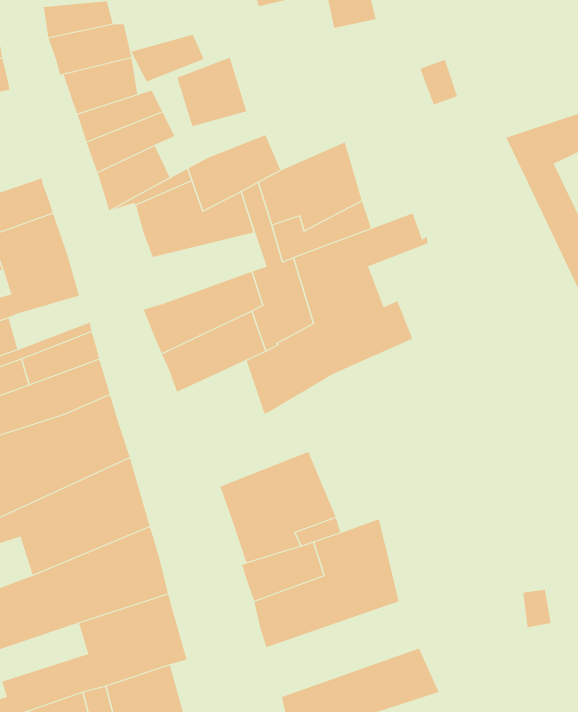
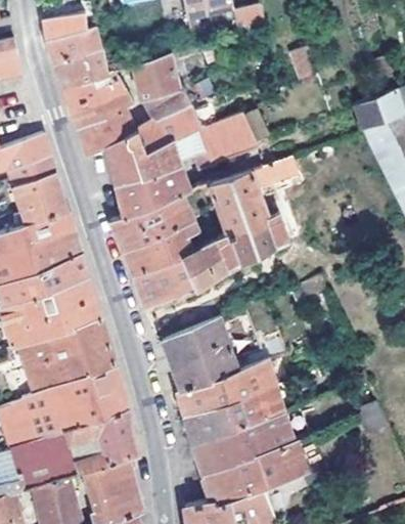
building: [131,35,204,82] -> [143,88,192,120]
building: none -> [117,168,192,217]
building: none -> [21,212,76,248]
building: none -> [133,255,190,308]
building: none -> [192,416,295,479]

